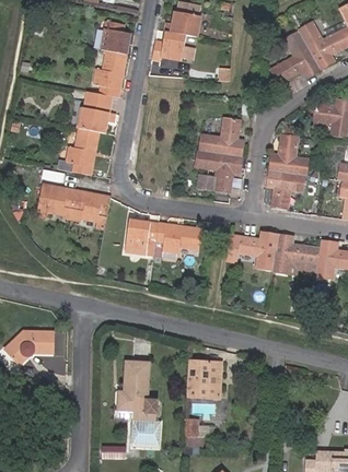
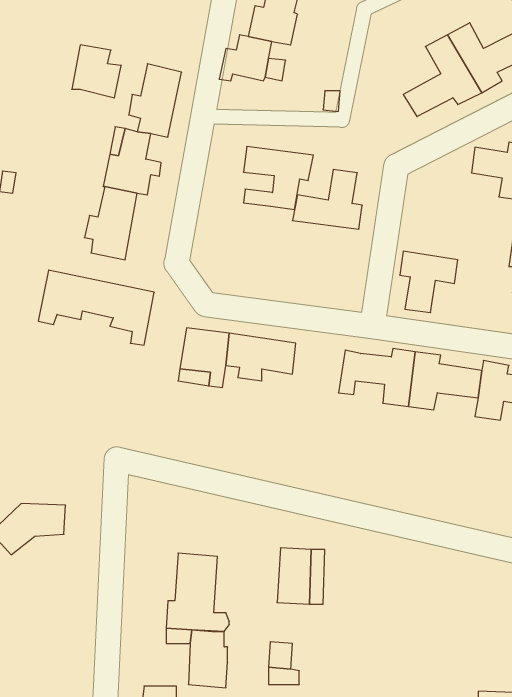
building: [100,21,131,55] -> [72,45,121,98]
building: [269,134,308,175] -> none
building: [196,150,241,190] -> [243,147,313,210]

